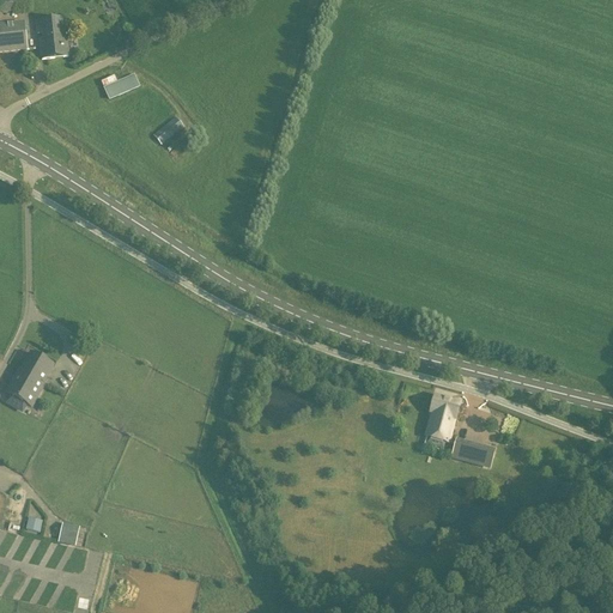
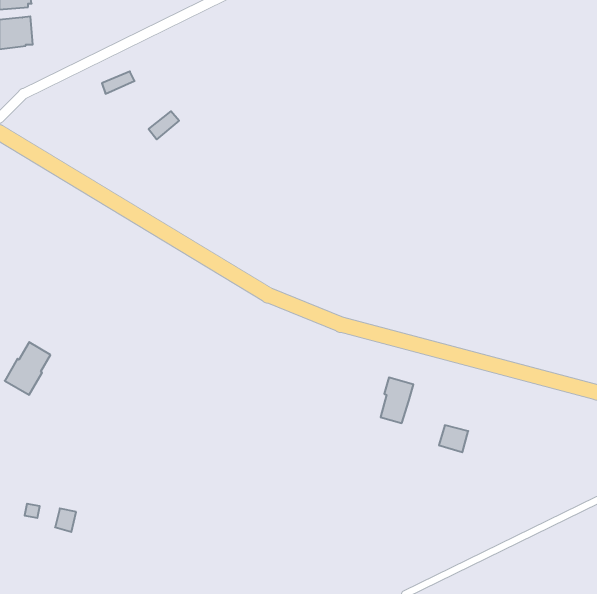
building: [35,16,67,56] -> none
building: [425,393,459,439] -> [381,377,413,423]

